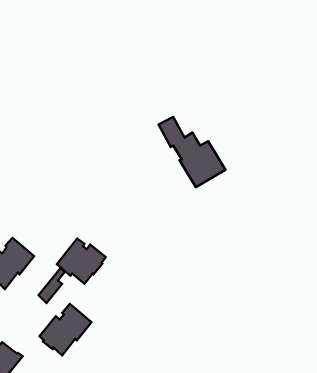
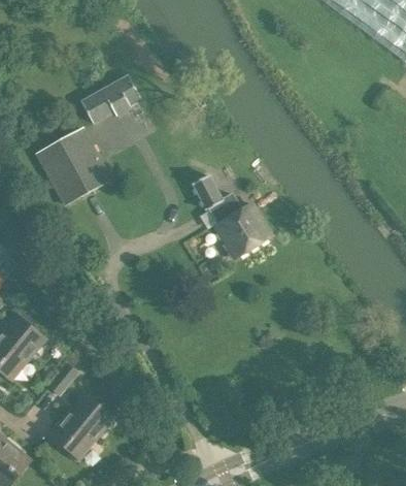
building: none -> [81,74,140,123]
building: none -> [37,127,110,203]
building: [57,238,106,284] -> none

